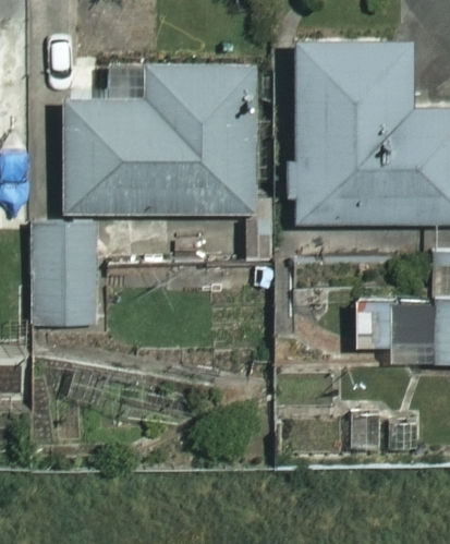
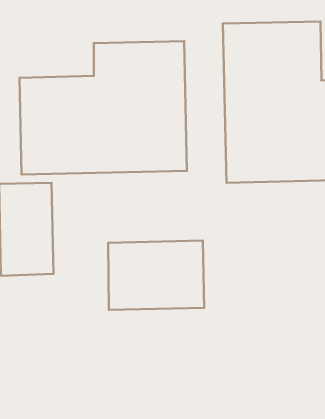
building: none -> [108,241,204,310]

